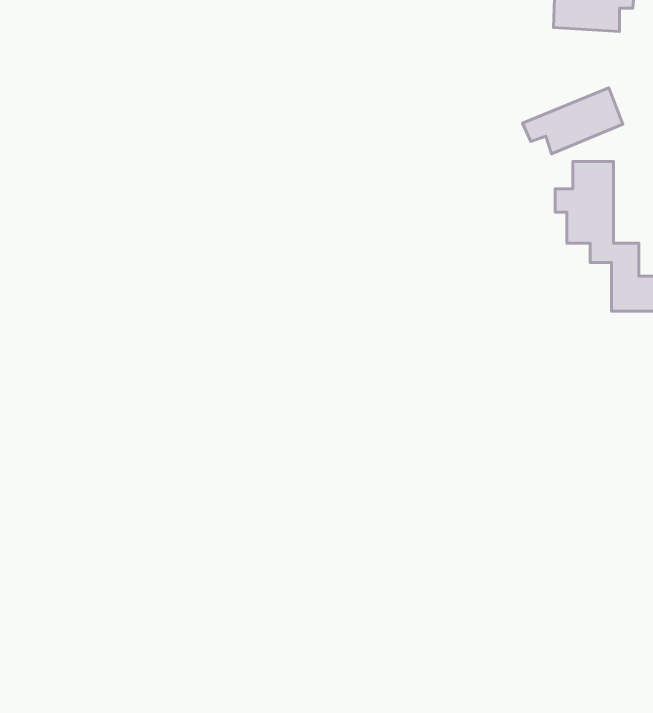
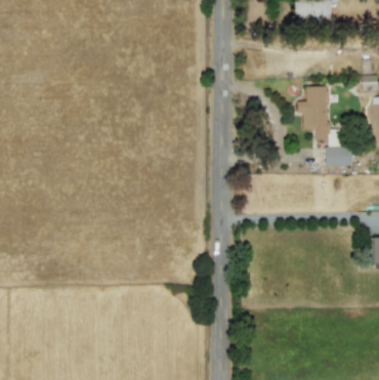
building: [523,88,623,154] -> none

